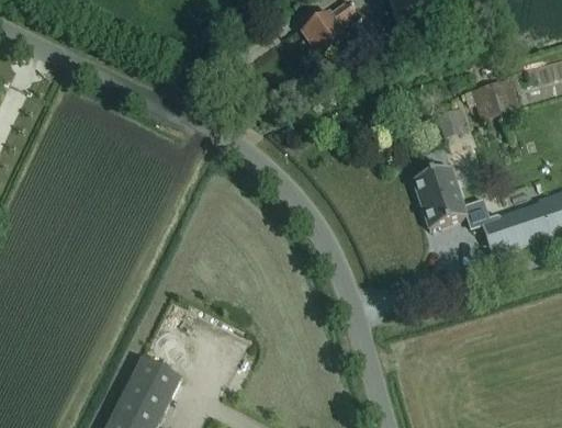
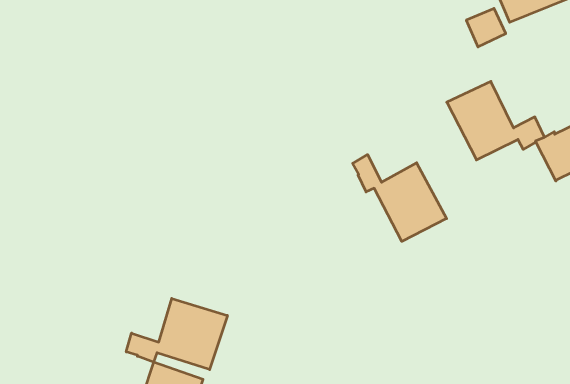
building: none -> [353,155,447,241]
building: none -> [126,298,227,370]

